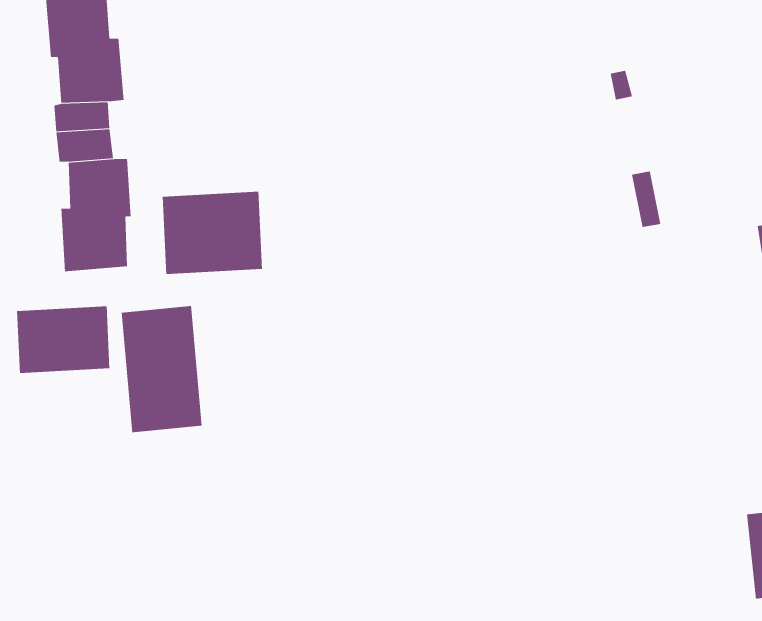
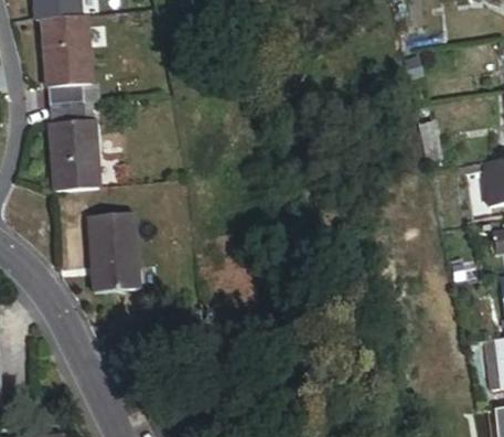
building: [162,191,263,275] -> none
building: [16,305,110,374] -> none

